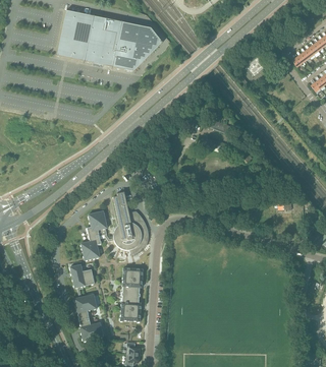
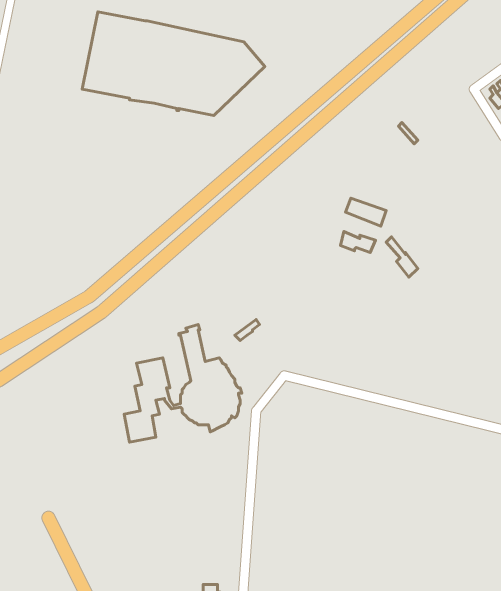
building: [70,263,104,341] -> none
building: [120,266,144,321] -> none

